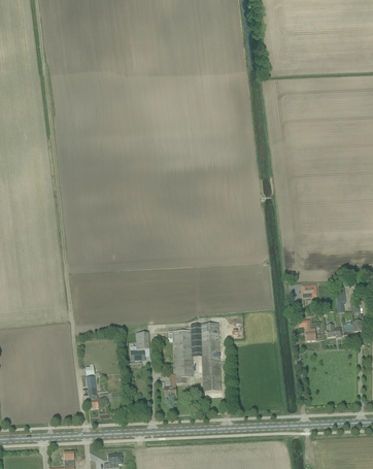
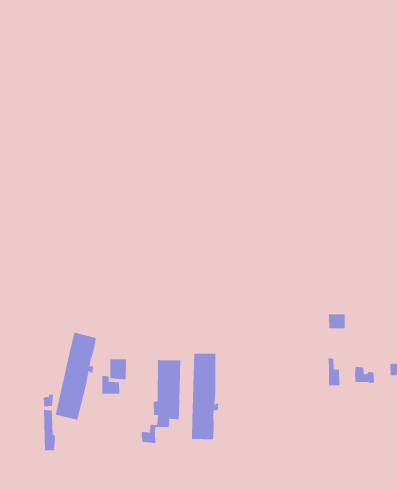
building: none -> [55,332,96,420]

